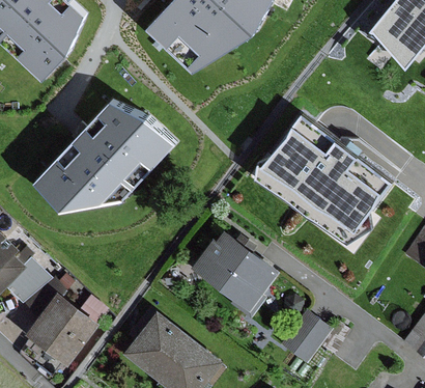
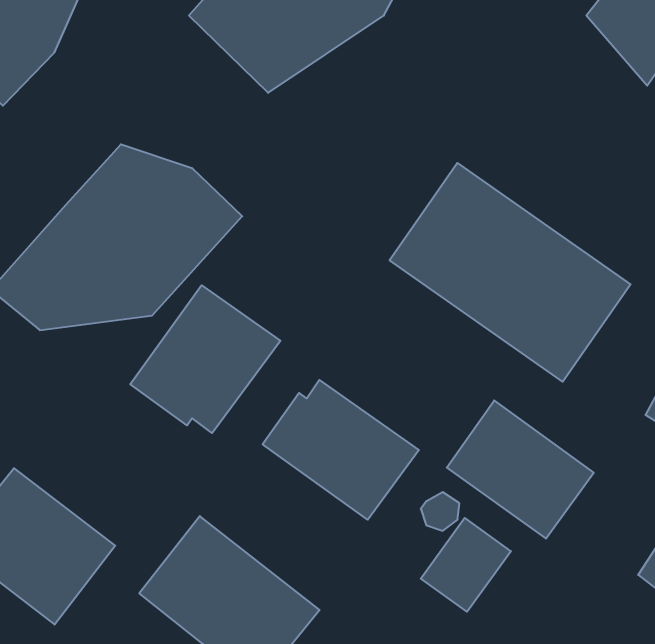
building: none -> [130,285,280,433]
building: none -> [447,400,594,539]

